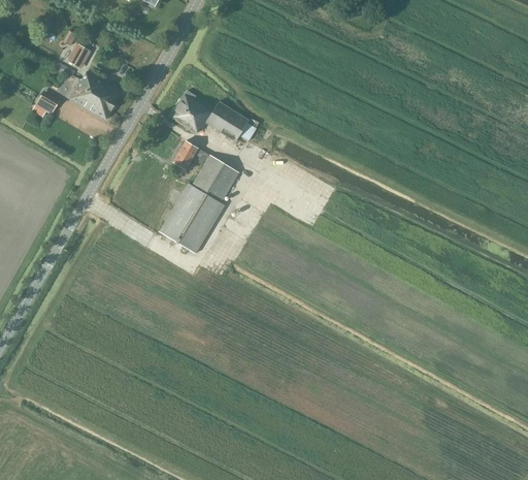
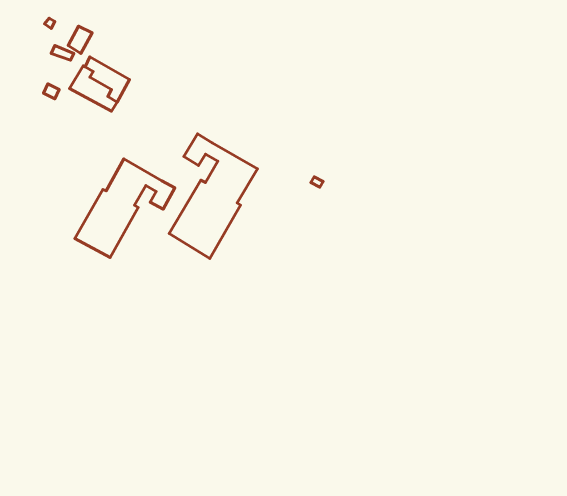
building: [170,89,259,140] -> none
building: none -> [75,159,175,258]

